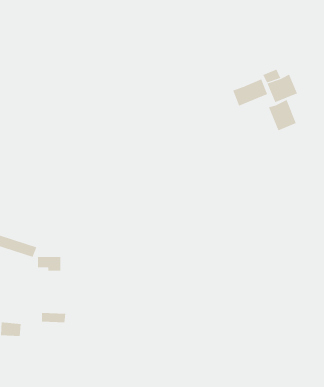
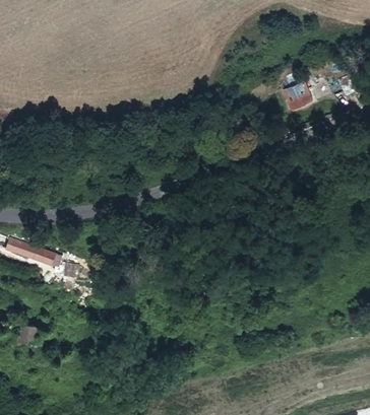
building: [233,78,268,106] -> none
building: [268,99,297,131] -> none

